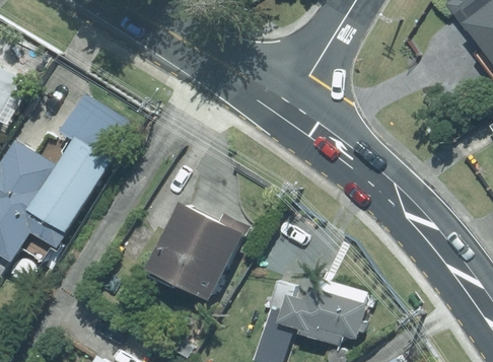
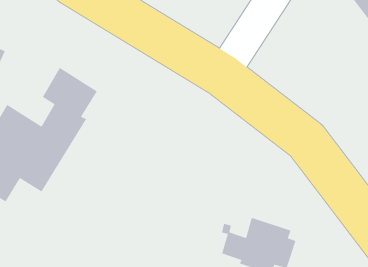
building: [152,202,245,298] -> none

